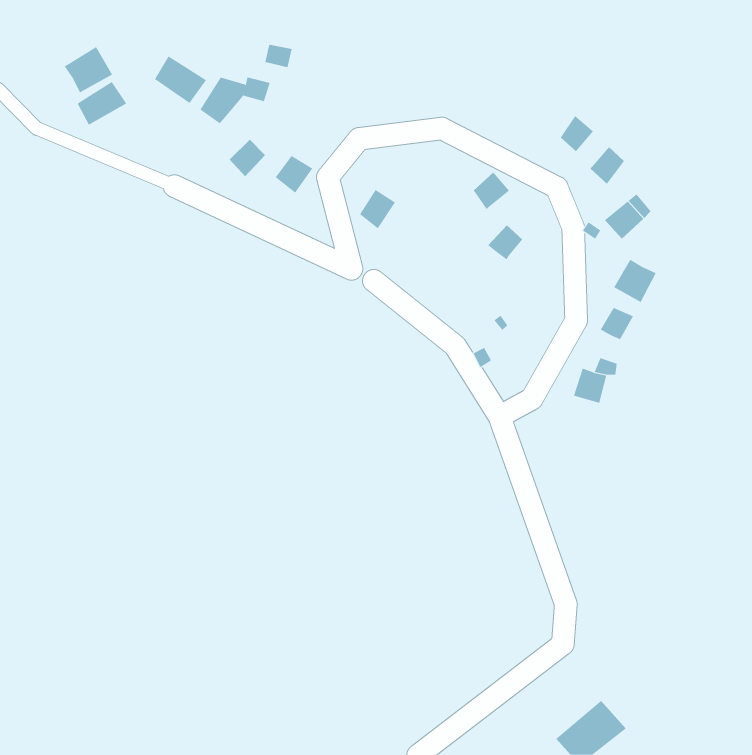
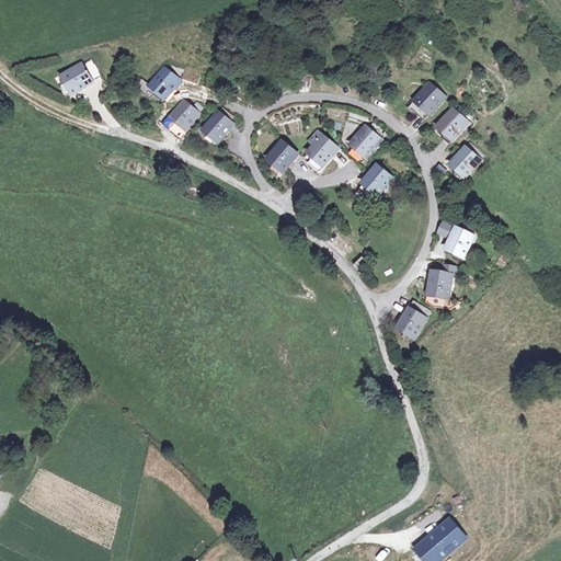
building: [64,46,113,93] -> none
building: [154,55,207,104] -> none
building: none -> [304,128,336,170]
building: [614,259,656,303] -> none
building: none -> [392,301,426,337]

